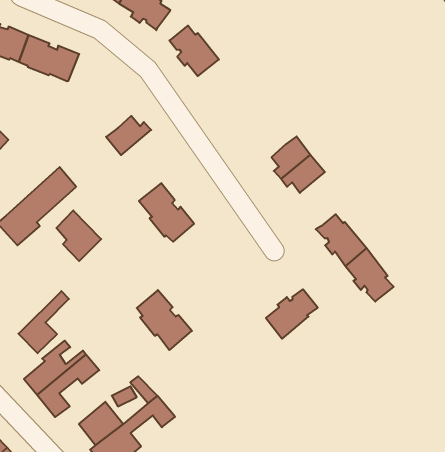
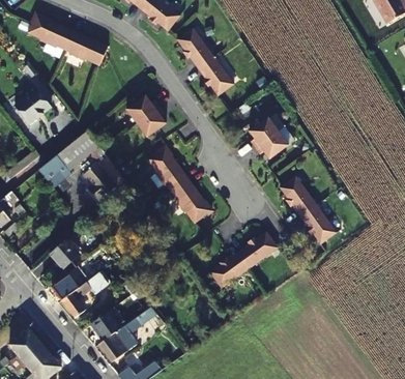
building: none -> [197,56,232,96]
building: none -> [136,106,166,137]
building: [137,290,192,350] -> [171,178,211,224]
building: none -> [209,252,249,287]

